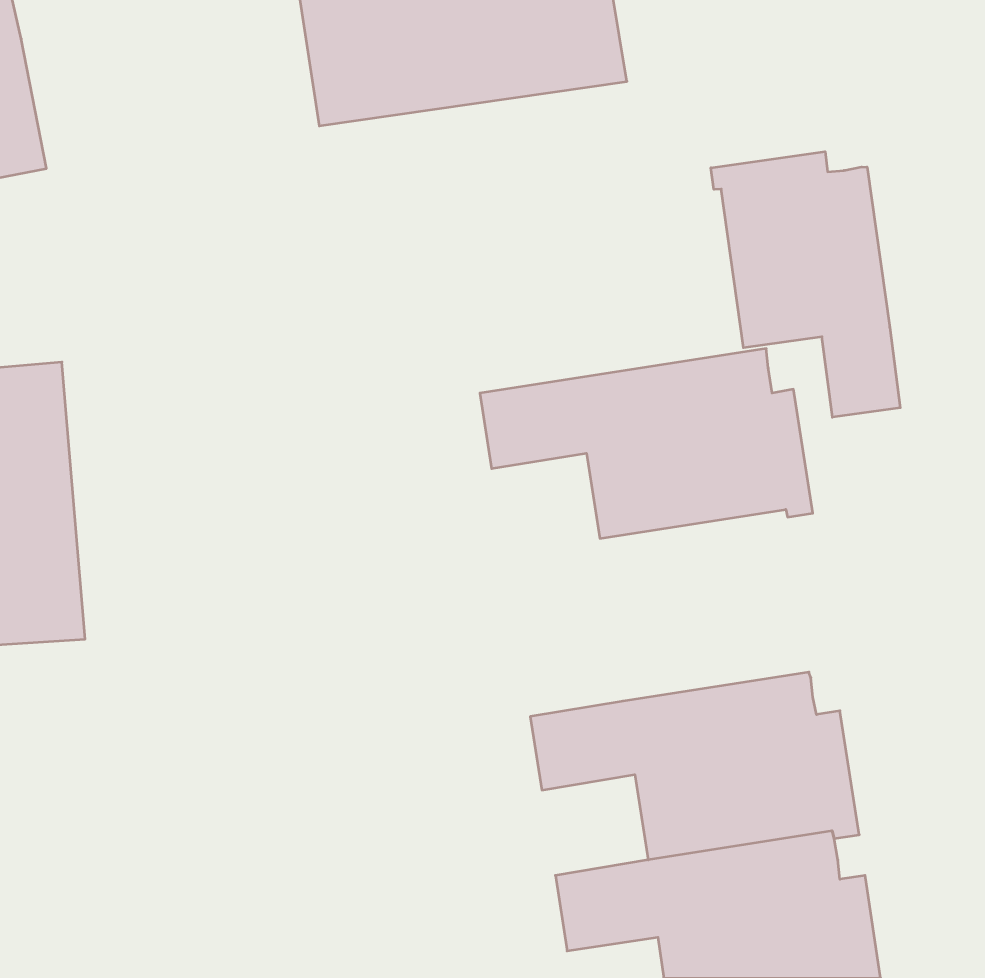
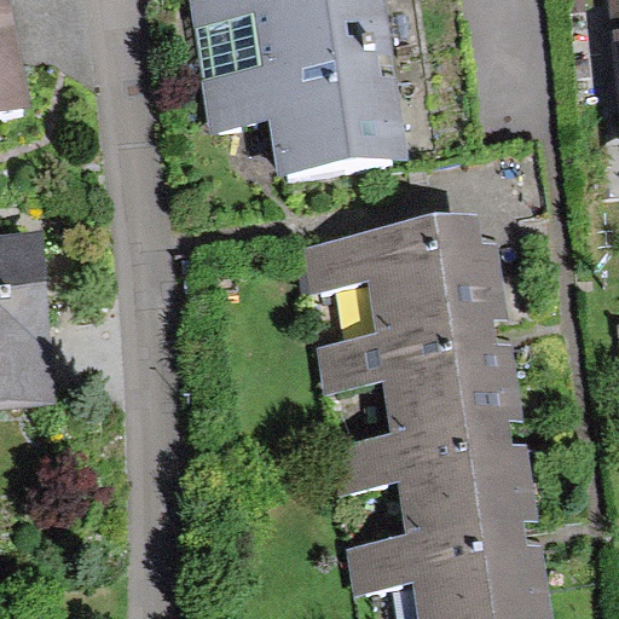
building: none -> [199,51,407,180]
building: [711,152,900,417] -> none
building: none -> [316,318,521,438]

